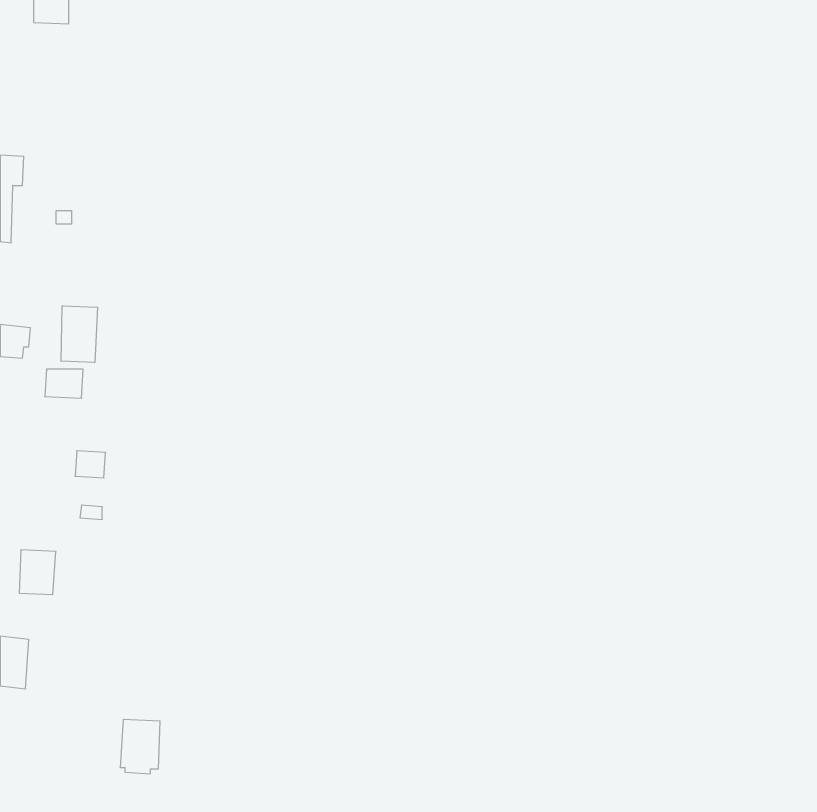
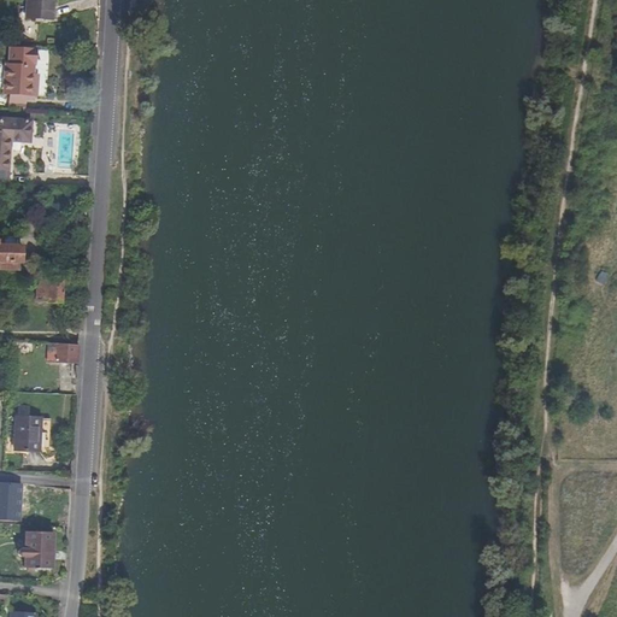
building: none -> [5,47,36,94]
building: [61,306,98,363] -> none
building: [120,719,160,774] -> [24,528,54,569]

